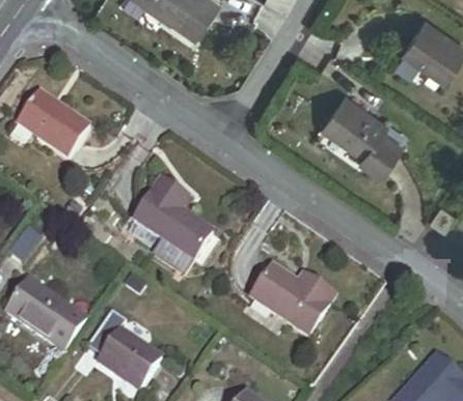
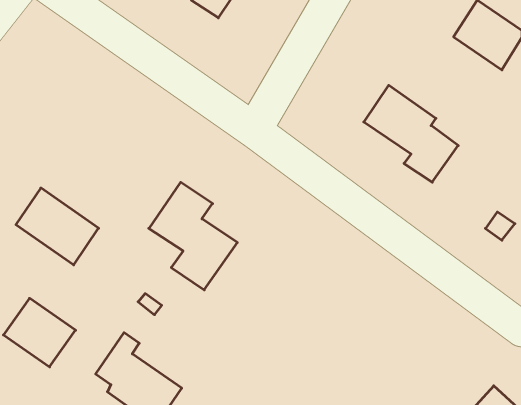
building: [17,90,89,157] -> [16,188,99,265]
building: [251,264,333,334] -> none
building: [46,307,86,351] -> none

